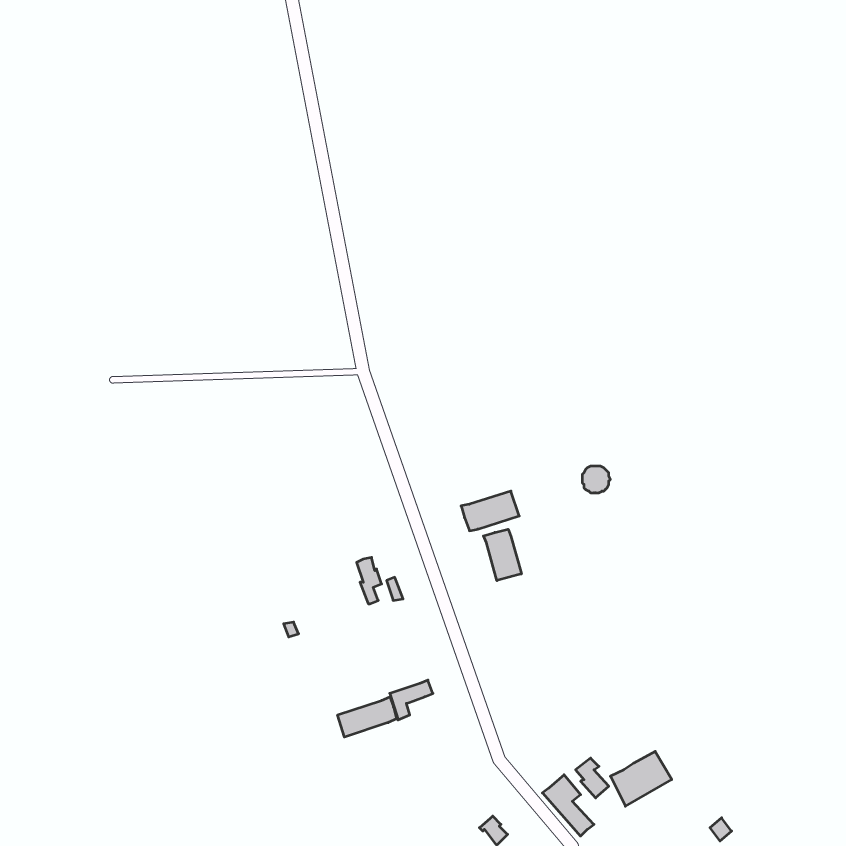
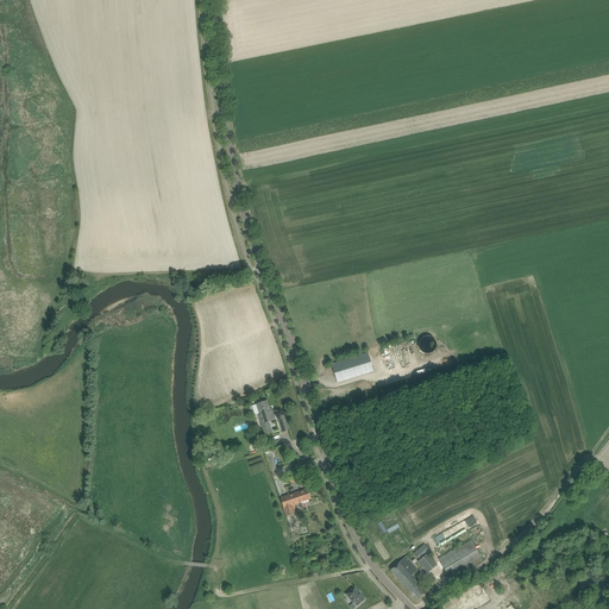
building: [483,529,521,581] -> none
building: [338,697,397,737] -> none

